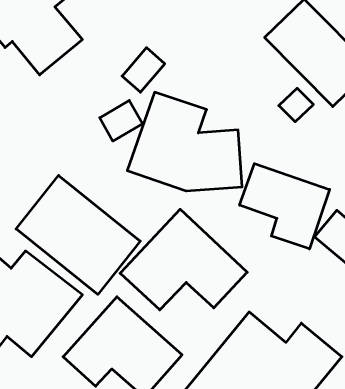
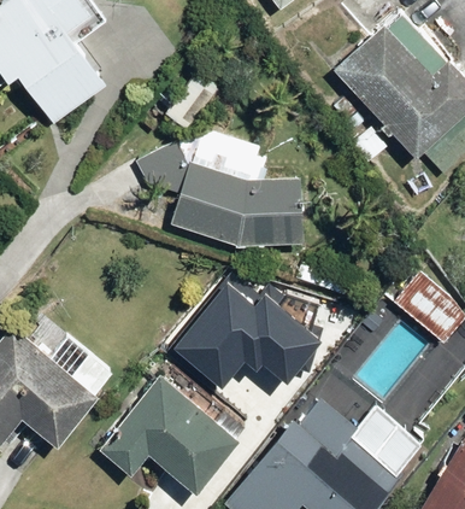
building: [240,164,330,249] -> none
building: [16,175,140,294] -> none

